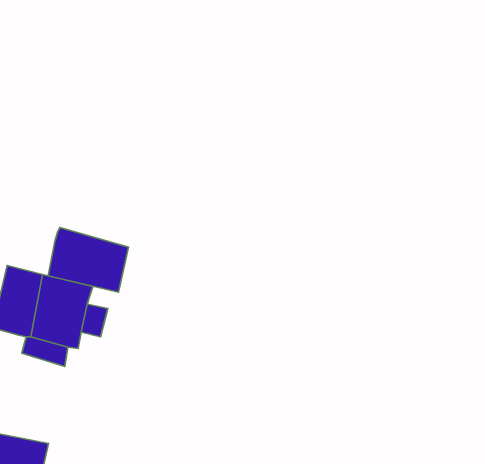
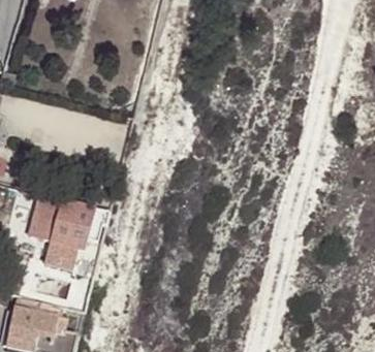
building: [48,227,129,292] -> none

